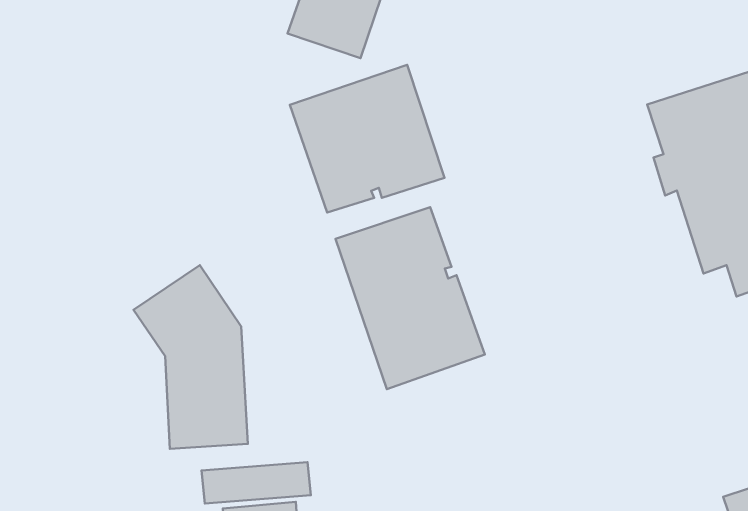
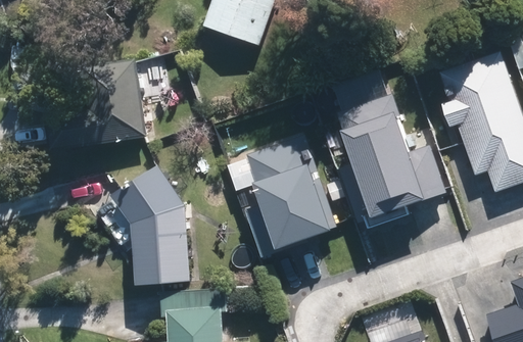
building: [290,65,444,213] -> none
building: none -> [53,67,142,147]
building: none -> [334,95,442,229]

